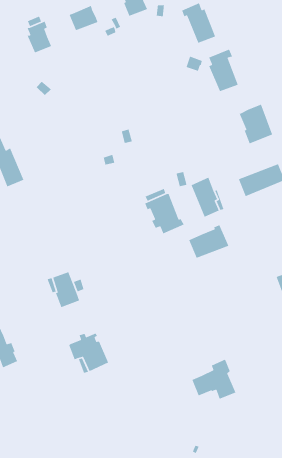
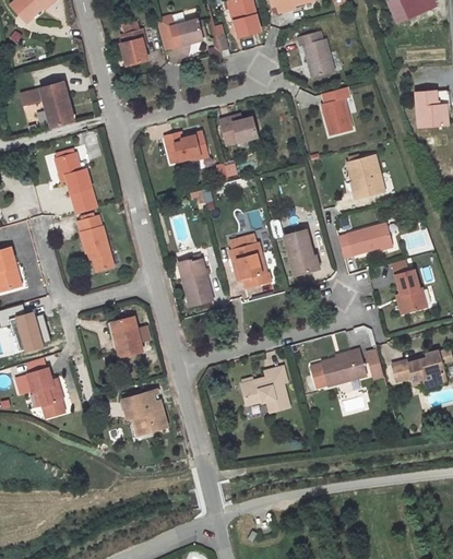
building: none -> [155,14,175,48]
building: none -> [218,117,257,145]
building: none -> [164,133,206,163]
building: none -> [76,216,112,271]
building: none -> [177,259,212,306]
building: [188,224,230,259] -> [320,349,366,385]
building: [191,359,236,400] -> [240,366,289,412]

